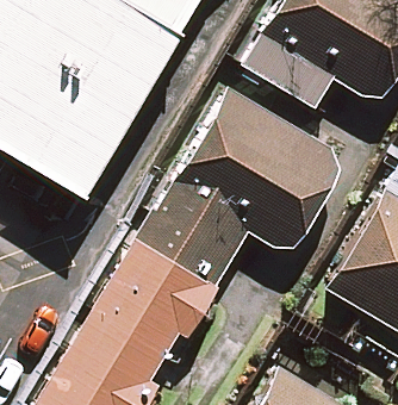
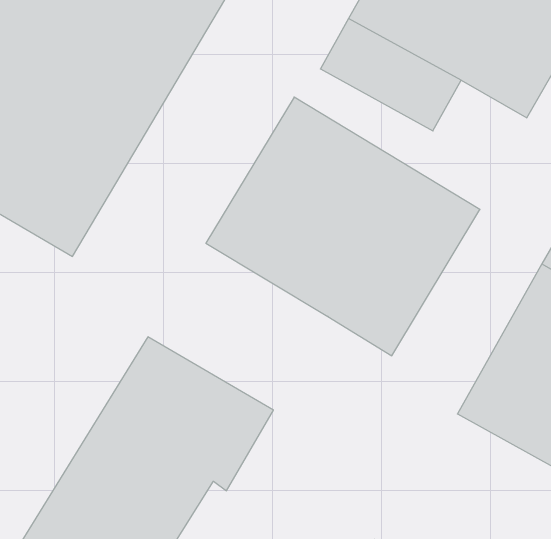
building: [136,183,250,289] -> none

